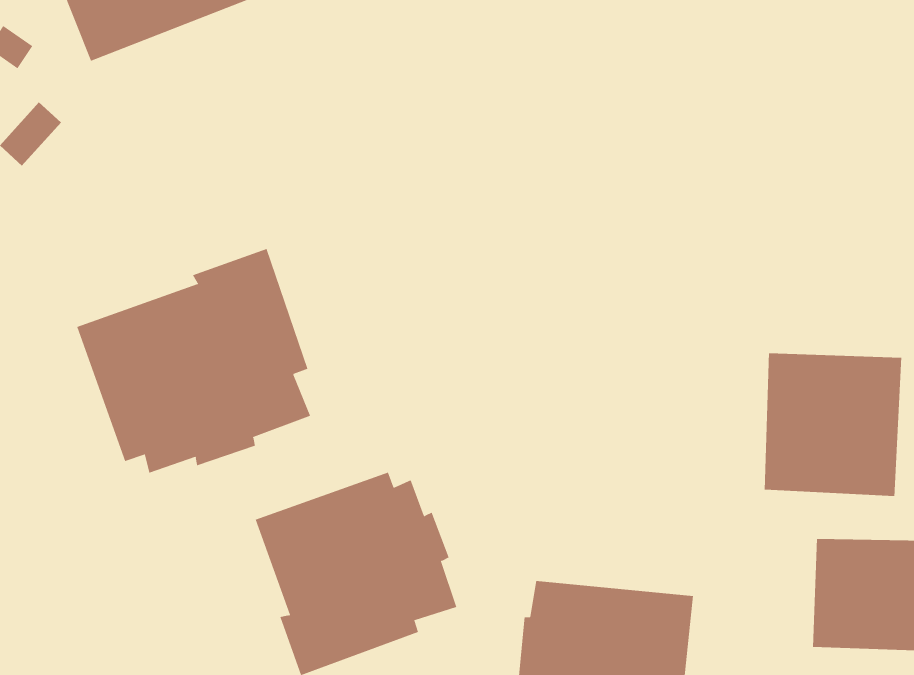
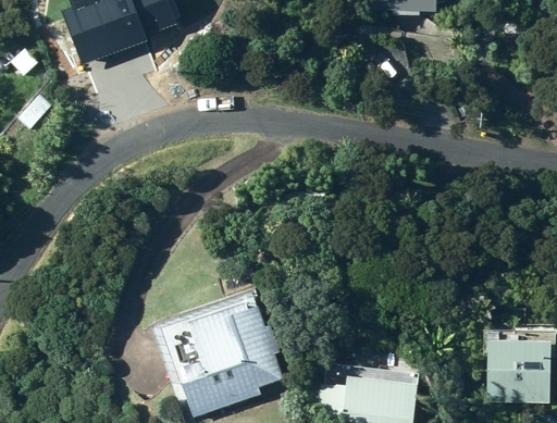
building: [77,248,311,474] -> none
building: [764,353,902,497] -> none

